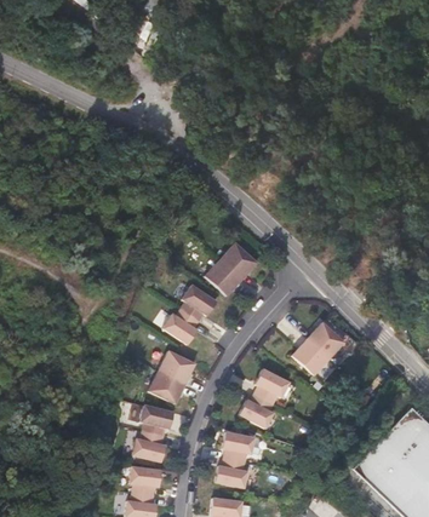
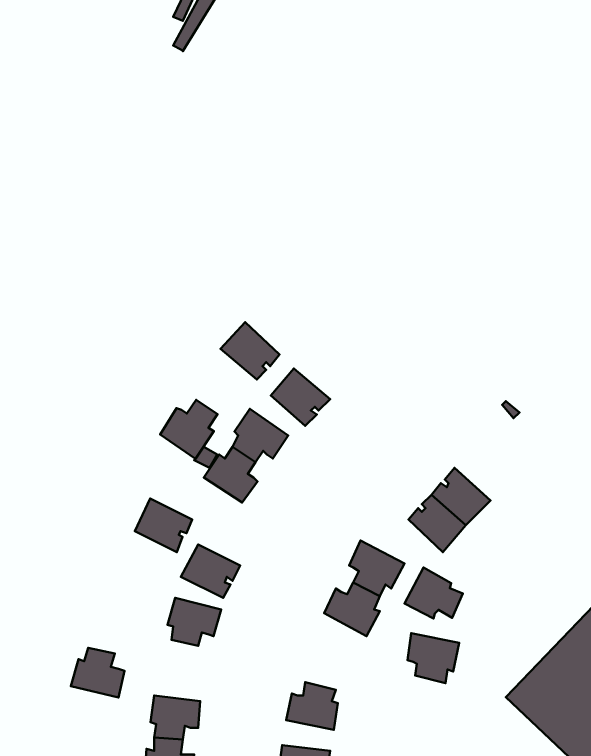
building: [221,242,258,278] -> [220,322,280,379]
building: none -> [160,400,218,459]
building: [160,350,196,384] -> [135,499,192,552]
building: none -> [404,567,463,618]
building: [132,431,166,463] -> [71,648,124,697]
building: [223,431,256,463] -> [407,633,459,683]

